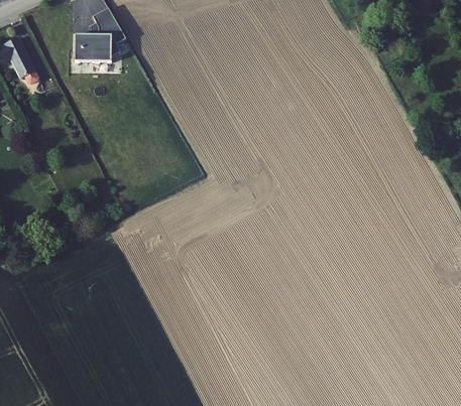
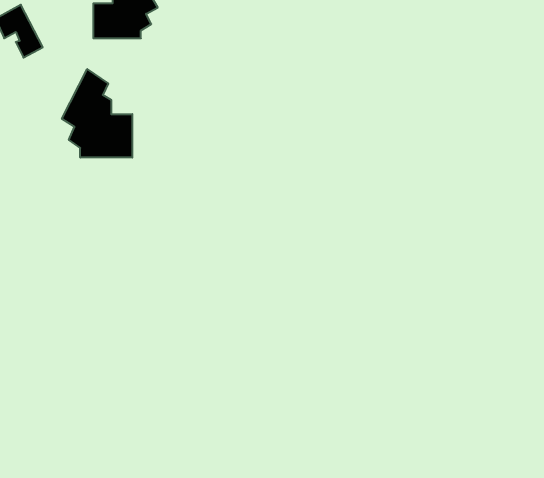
building: none -> [62,69,132,158]

